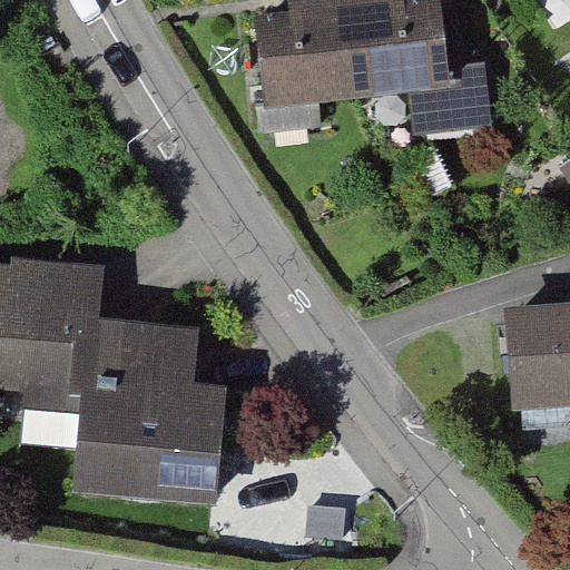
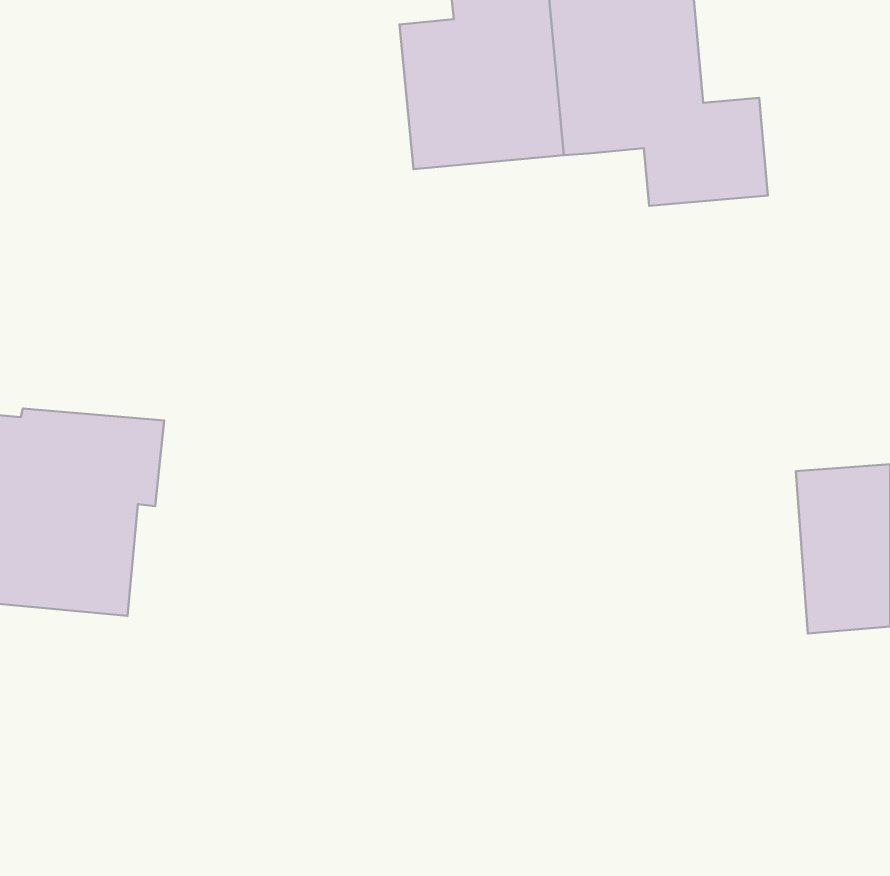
building: [72,322,226,508] -> none

